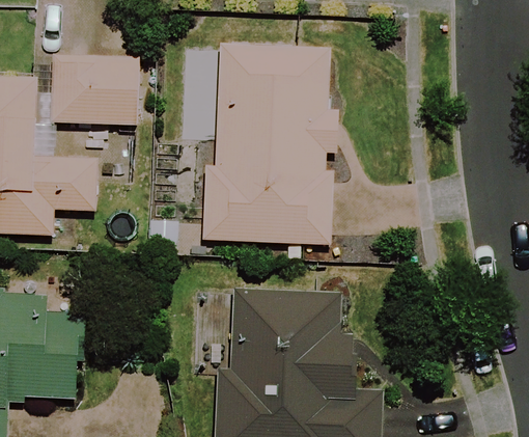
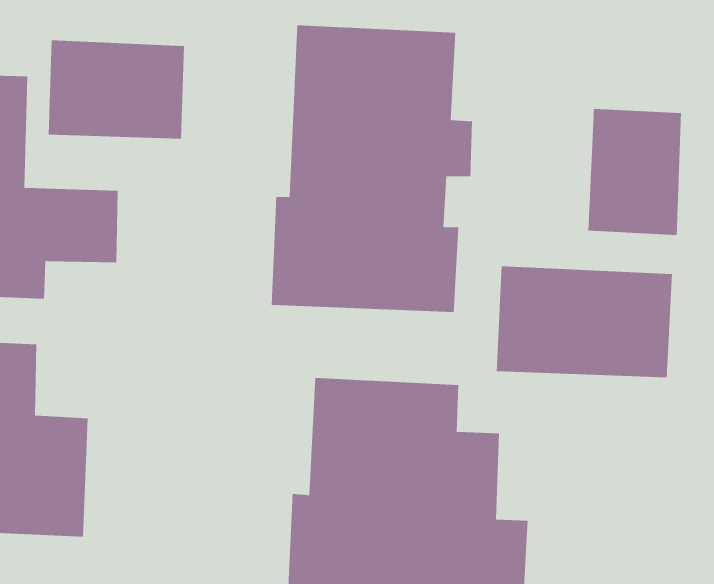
building: none -> [588,108,682,236]
building: none -> [496,265,672,378]

